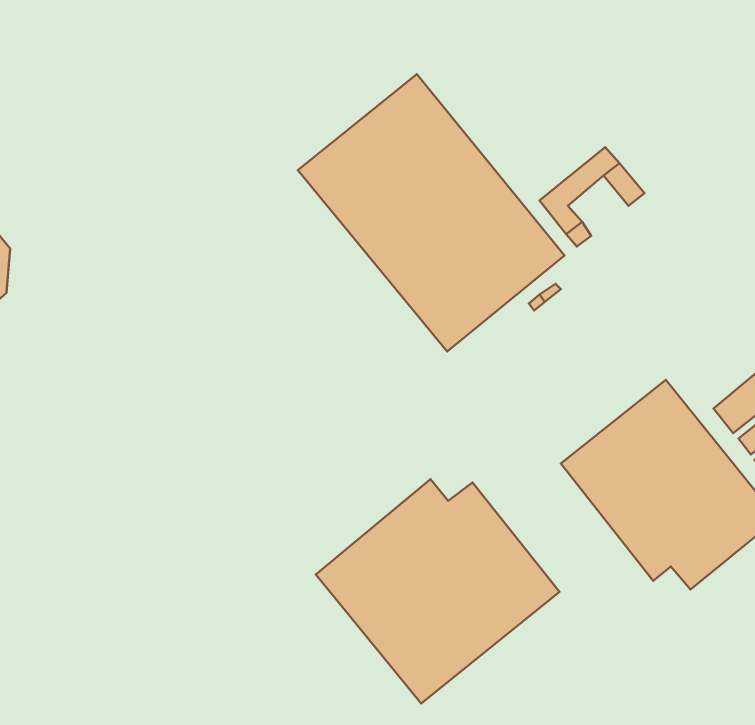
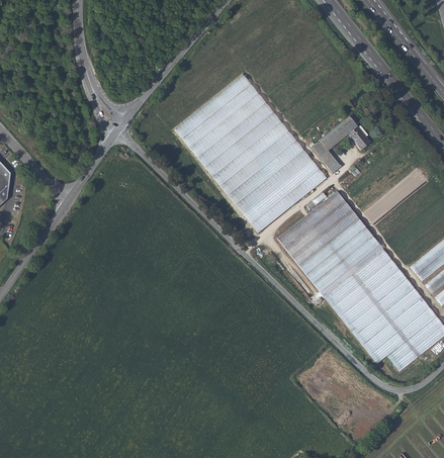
building: none -> [277,191,379,291]
building: [316,479,560,704] -> none

